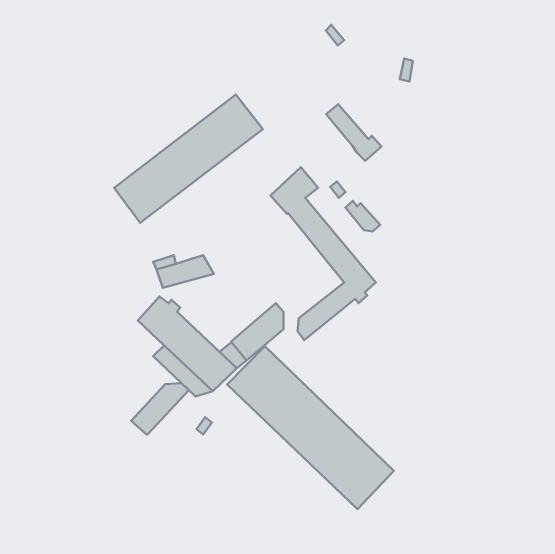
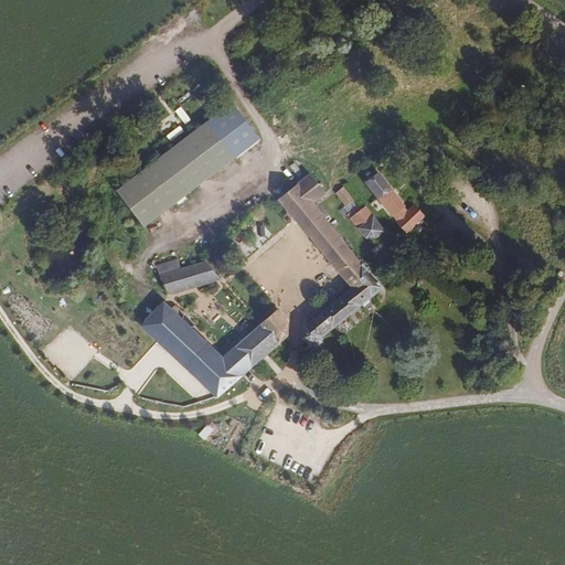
building: [326,104,382,161] -> [365,168,422,225]
building: [227,346,394,509] -> none
building: [131,383,189,435] -> none

